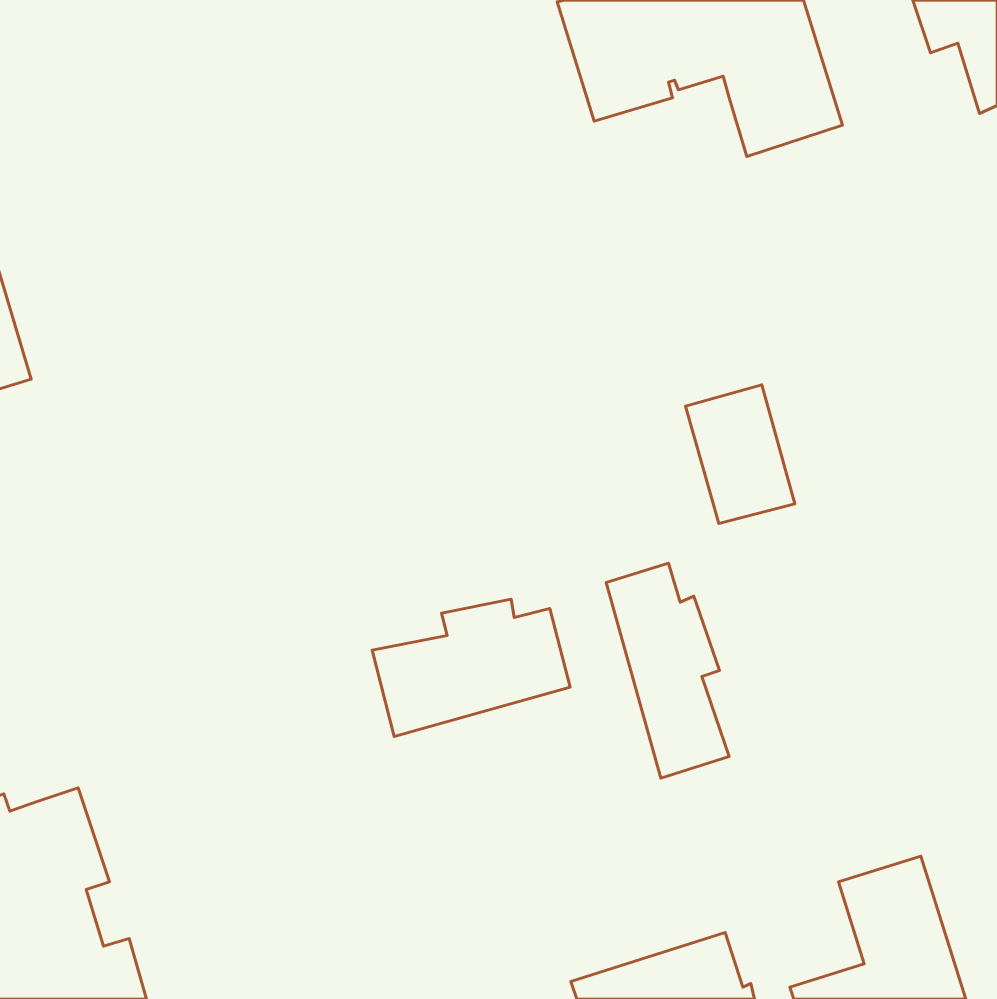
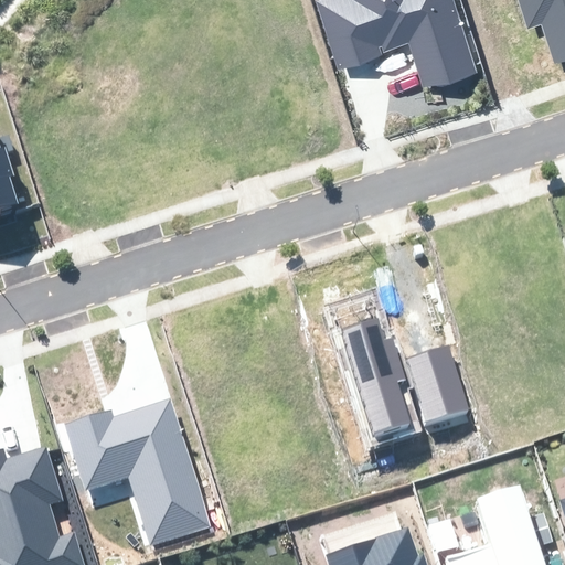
building: [685,385,795,524] -> [405,347,467,425]
building: [372,599,570,737] -> none
building: none -> [65,398,210,545]

